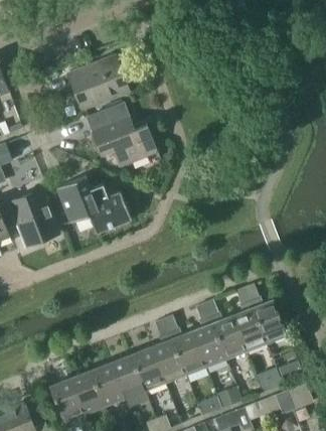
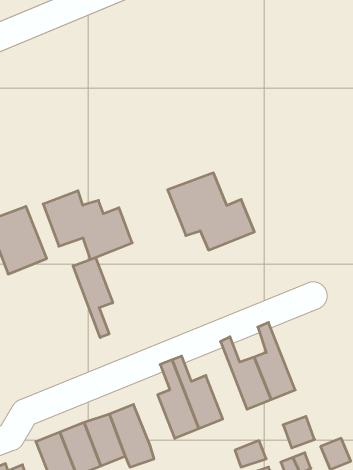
building: [68,55,127,108] -> none
building: [85,102,157,166] -> [168,173,254,250]
building: none -> [73,258,113,338]
building: [243,283,287,342] -> none
building: [191,302,225,367] -> none
building: [131,346,165,390] -> none

